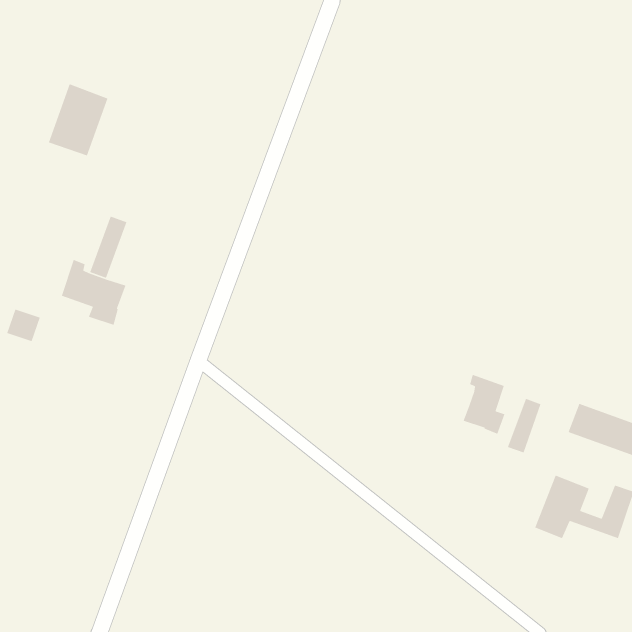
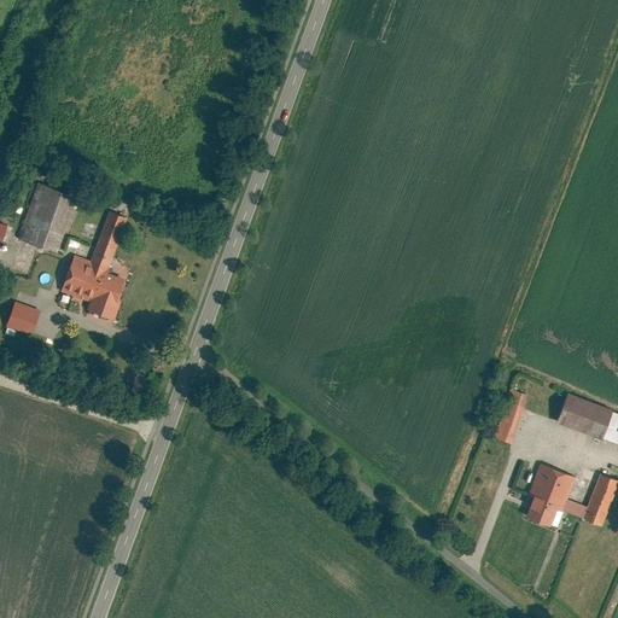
building: [48,83,109,156] -> [19,182,78,253]
building: [463,374,505,435] -> none

